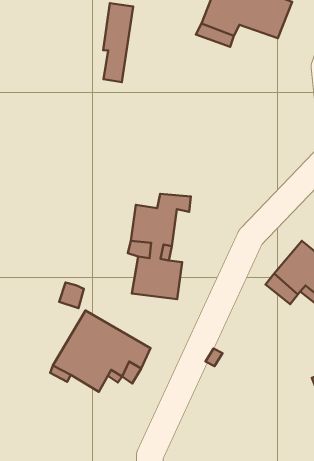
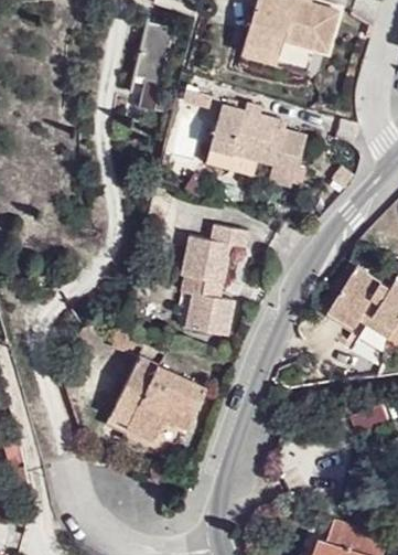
building: none -> [208,106,303,189]

